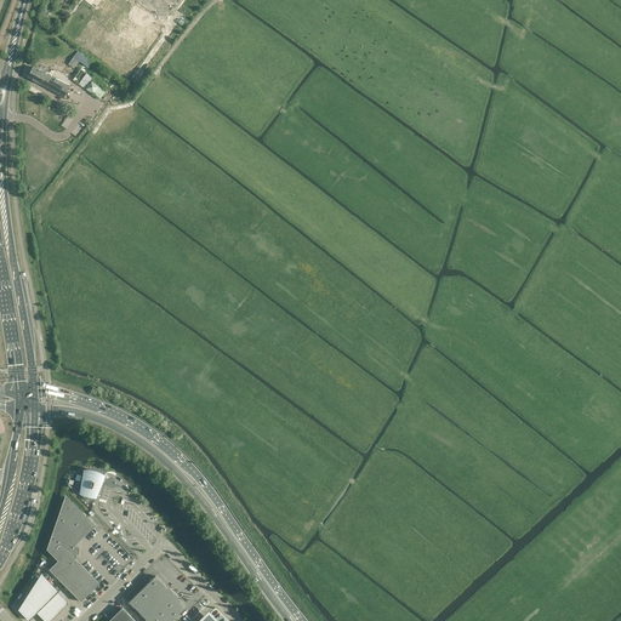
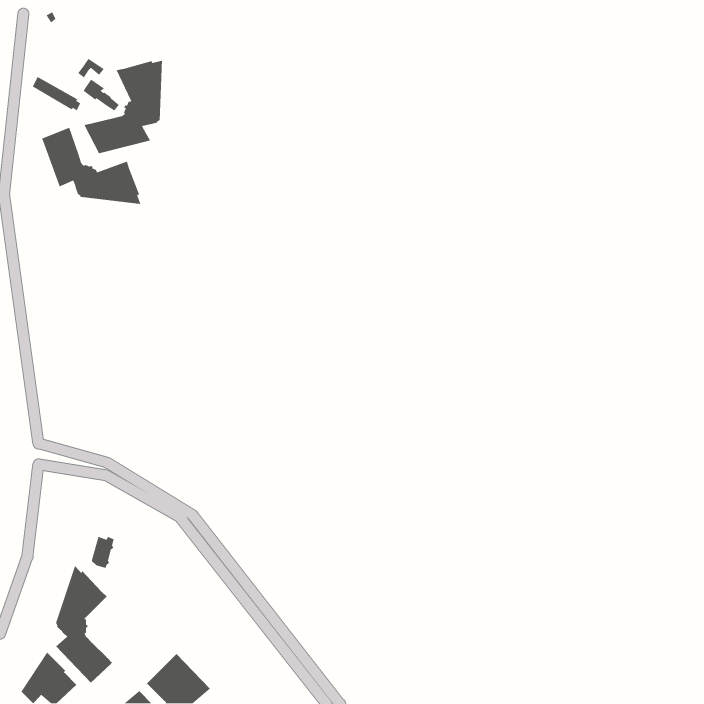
building: none -> [83,60,163,154]
building: none -> [41,127,142,205]

